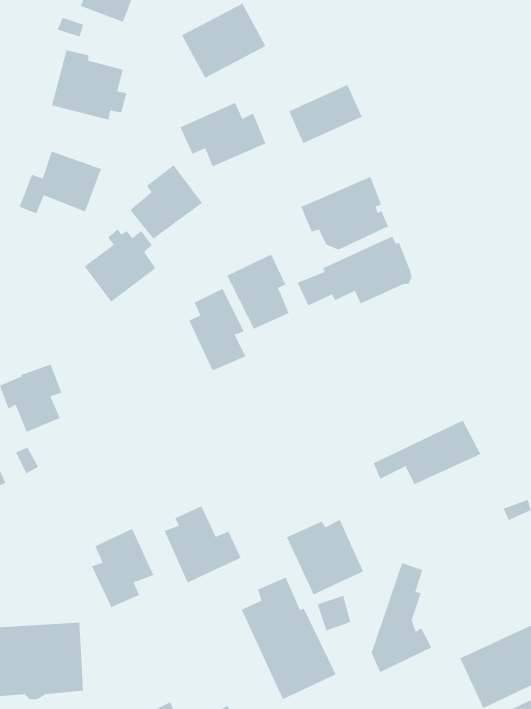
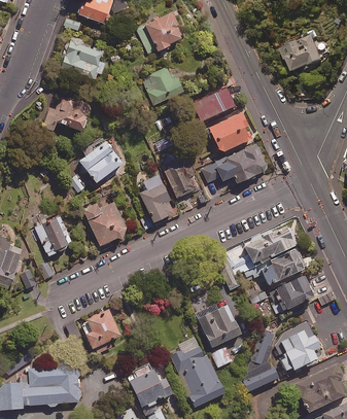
building: none -> [277,35,322,71]
building: [288,84,362,144] -> [193,88,235,121]
building: [129,165,203,240] -> none
building: none -> [83,202,125,244]
building: none -> [224,225,294,274]
building: none -> [275,276,312,310]
building: [164,506,241,583] -> [127,363,171,408]
building: none -> [274,322,319,373]

